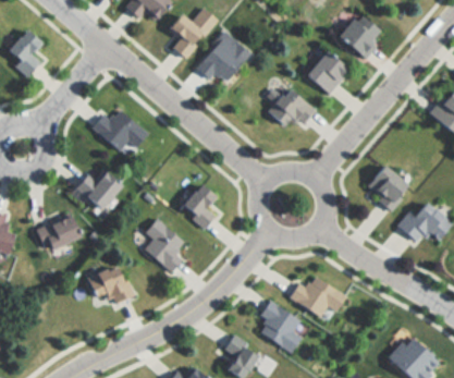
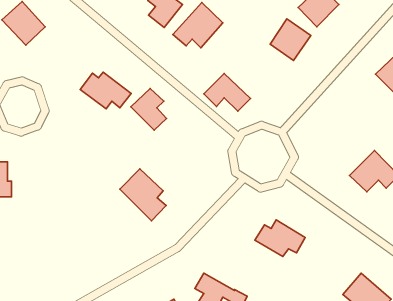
building: [269,86,321,129] -> [204,74,250,111]
building: [363,164,409,211] -> none
building: [83,169,121,208] -> none
building: [180,183,220,230] -> [131,89,167,130]
building: [36,211,83,252] -> none
building: [86,261,135,307] -> none
building: [259,300,309,354] -> none

